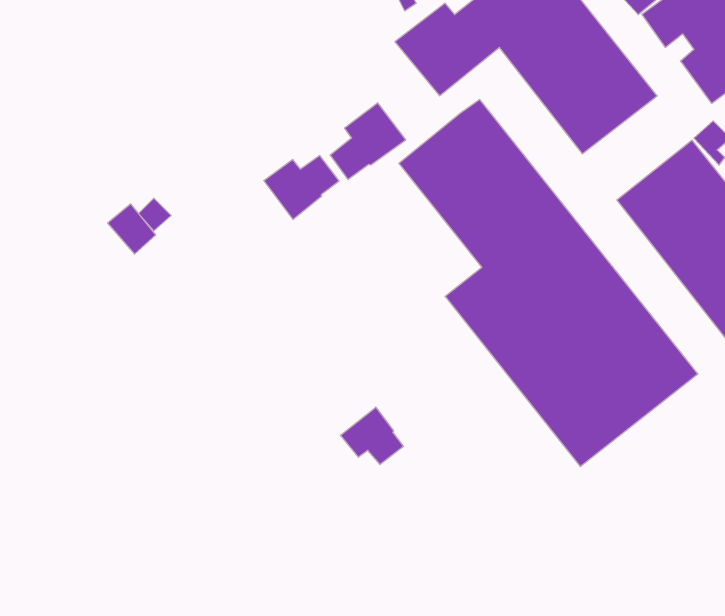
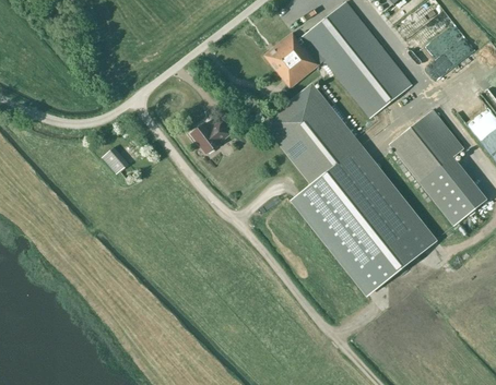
building: [330,103,406,180] -> none
building: [341,407,403,465] -> none

